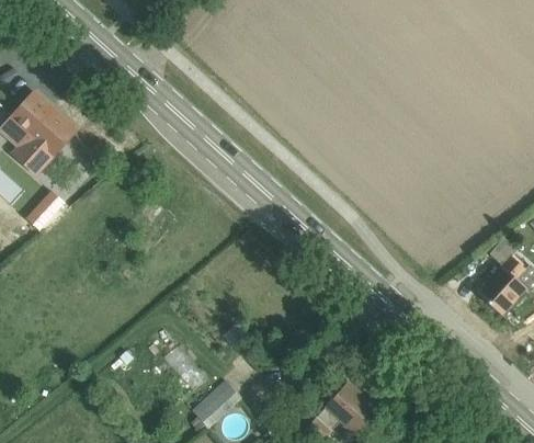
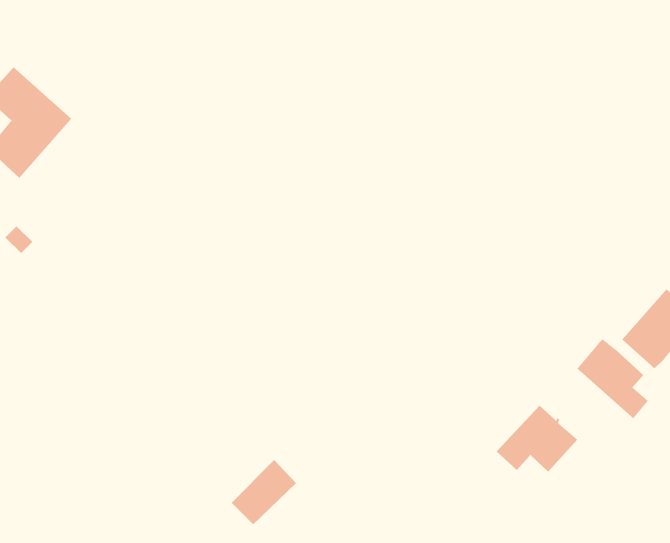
building: none -> [576,338,649,419]
building: [317,380,377,430] -> [496,405,578,472]

